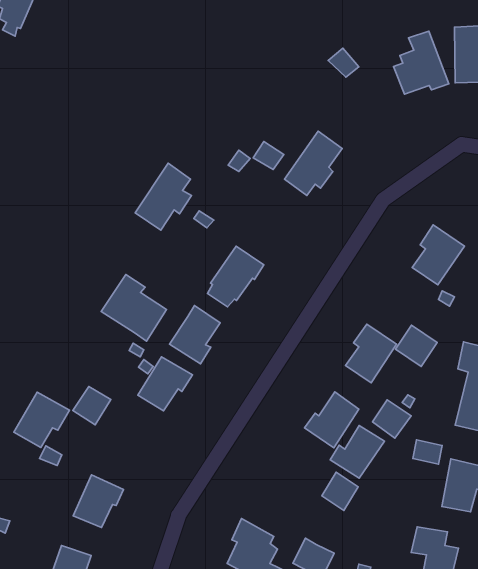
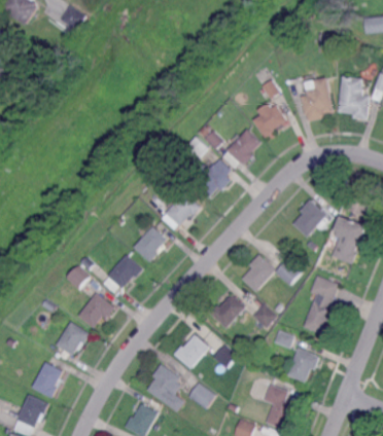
building: none -> [252,104,285,139]
building: [135,163,192,230] -> [194,157,232,198]
building: [101,274,167,341] -> none
building: [14,392,70,448] -> [78,292,115,327]
building: [330,426,385,478] -> [173,334,209,367]

